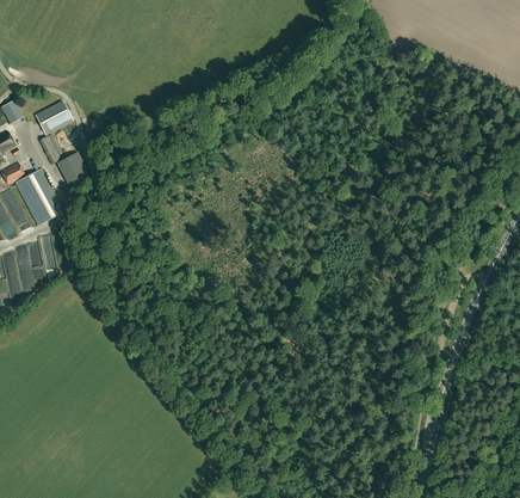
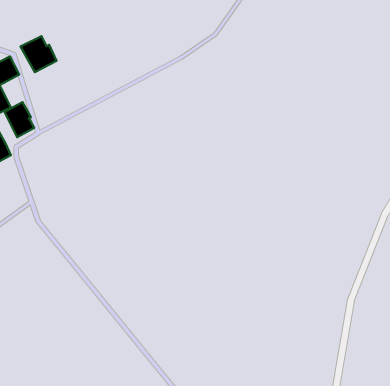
building: none -> [21,36,57,72]

